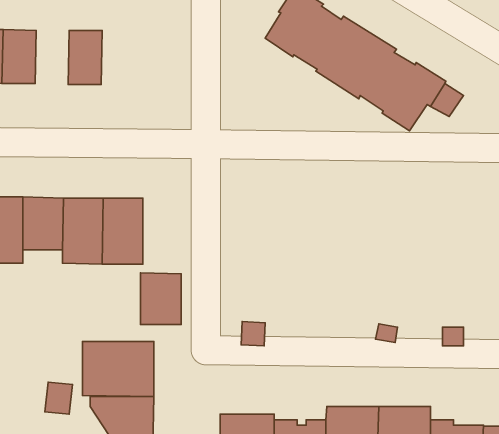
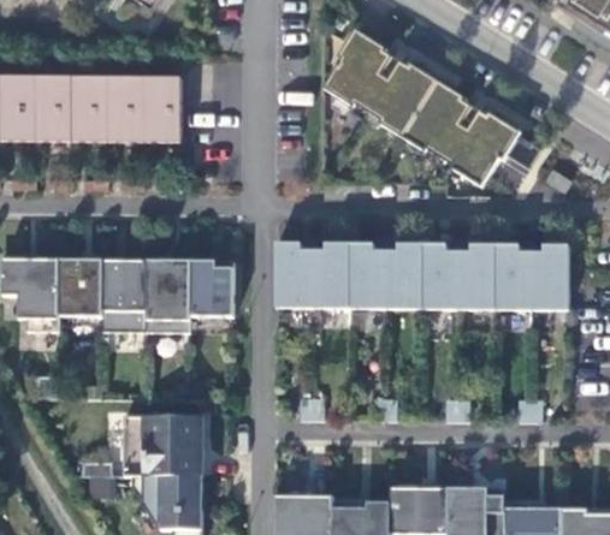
building: none -> [71,77,108,136]
building: none -> [143,77,180,136]
building: none -> [274,243,568,309]
building: [141,273,181,325] -> [189,260,233,316]

